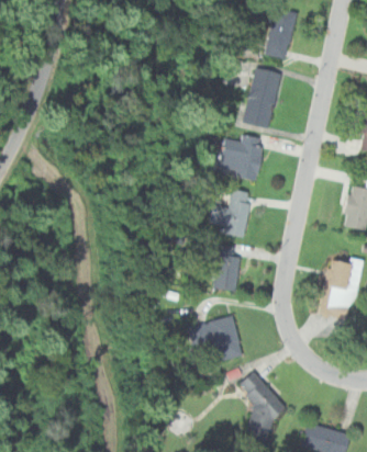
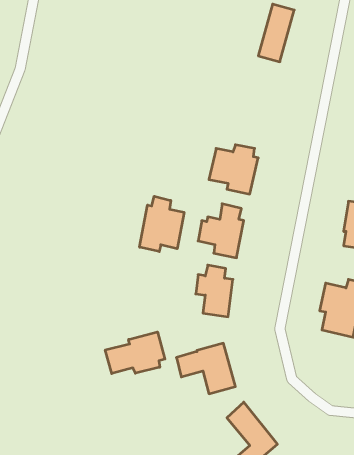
building: [243,68,282,128] -> none
building: none -> [140,196,184,252]
building: none -> [105,332,165,374]

